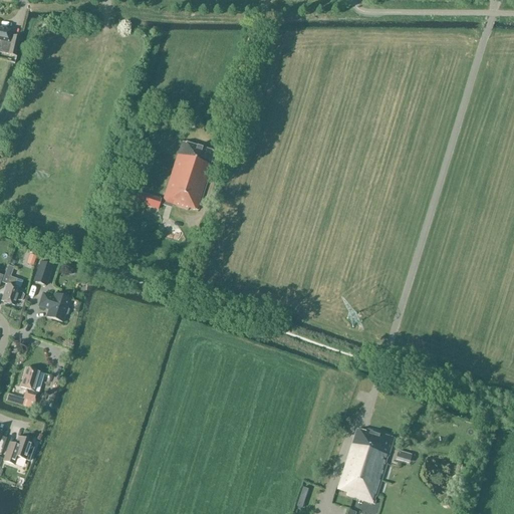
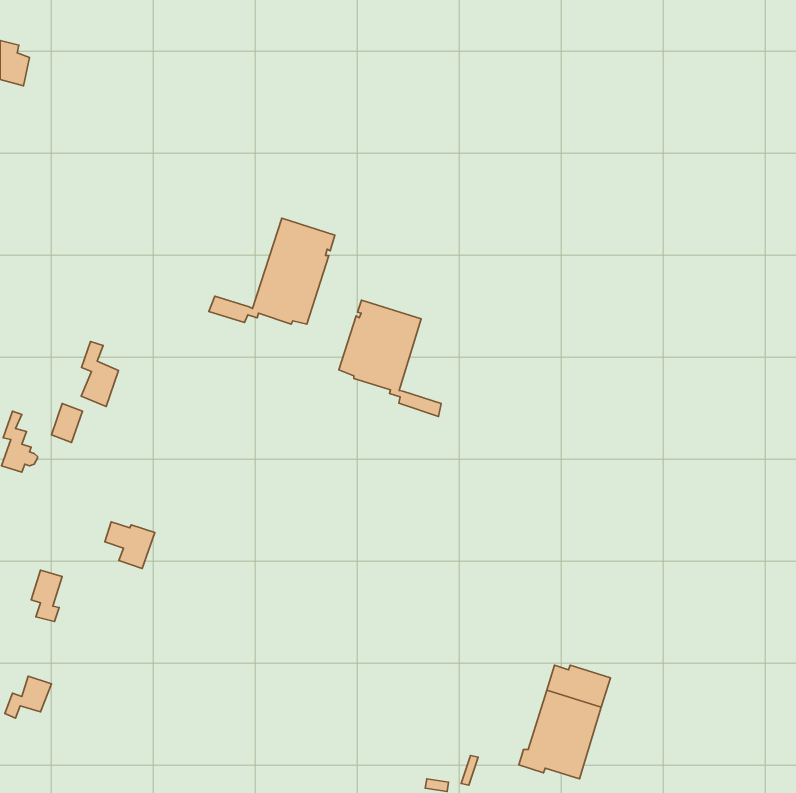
building: none -> [339,300,441,416]
building: none -> [81,342,119,407]
building: [37,290,69,320] -> [105,522,155,568]

